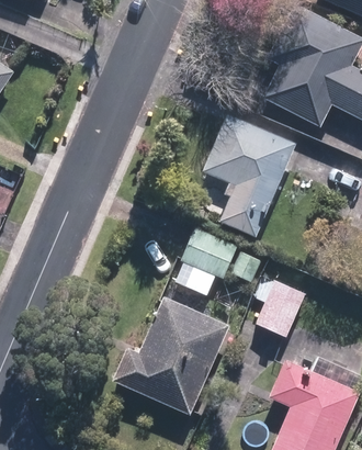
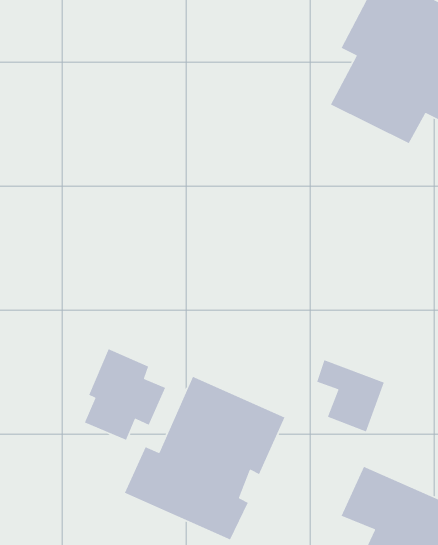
building: [203,113,297,235] -> none
building: [176,225,235,292] -> [84,348,166,441]

